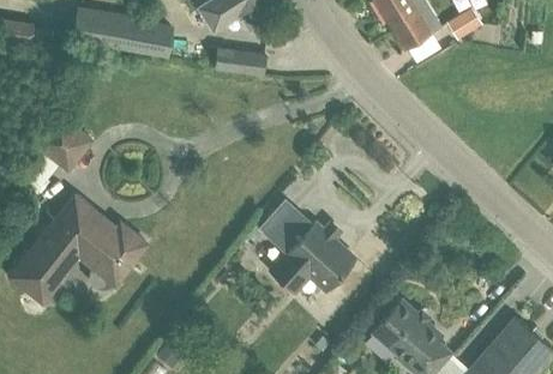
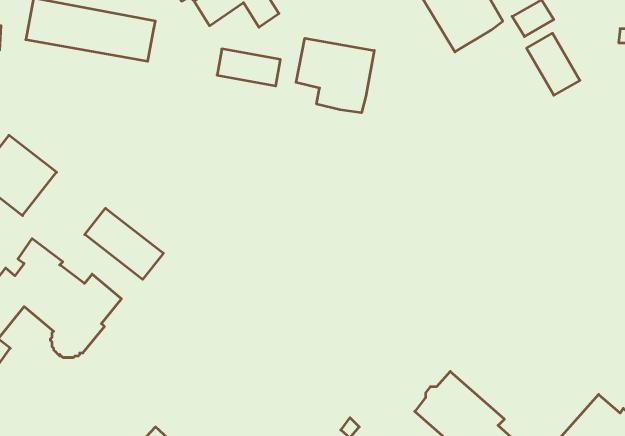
building: none -> [527,33,580,95]
building: none -> [296,38,374,113]
building: none -> [85,208,163,279]
building: [257,199,356,298] -> none

